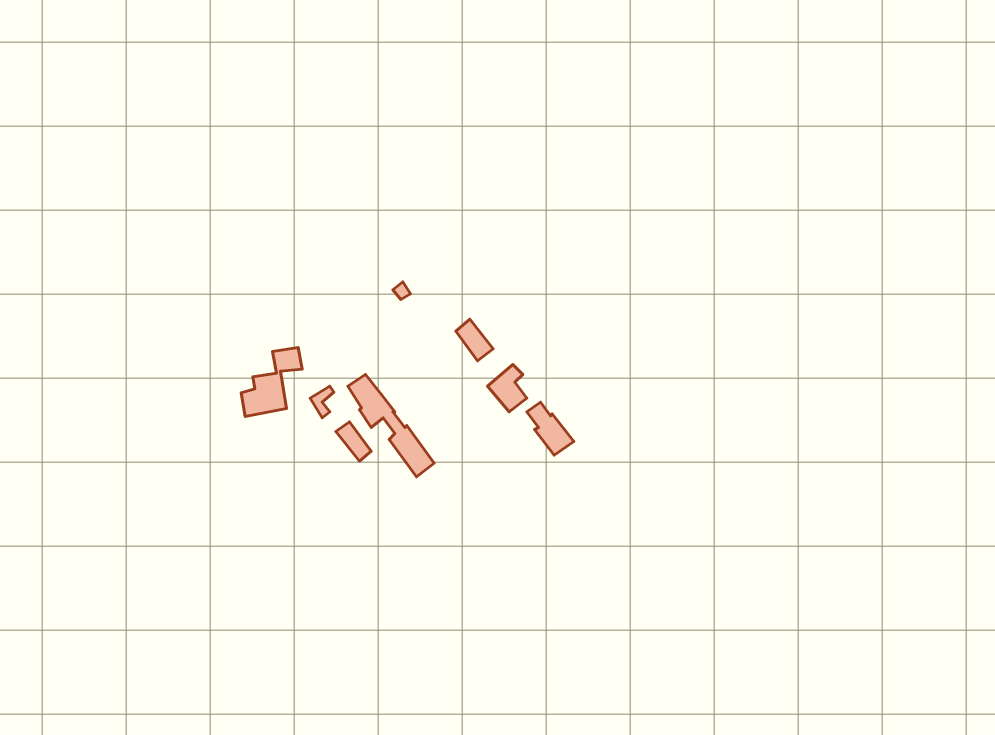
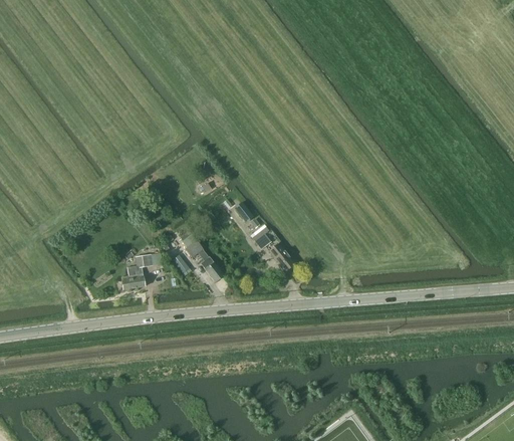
building: [241,347,302,416] -> [121,255,153,290]

